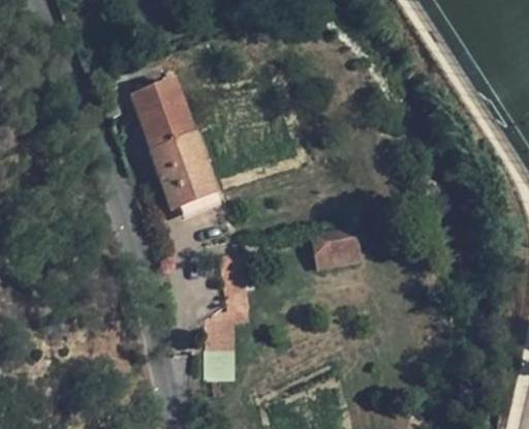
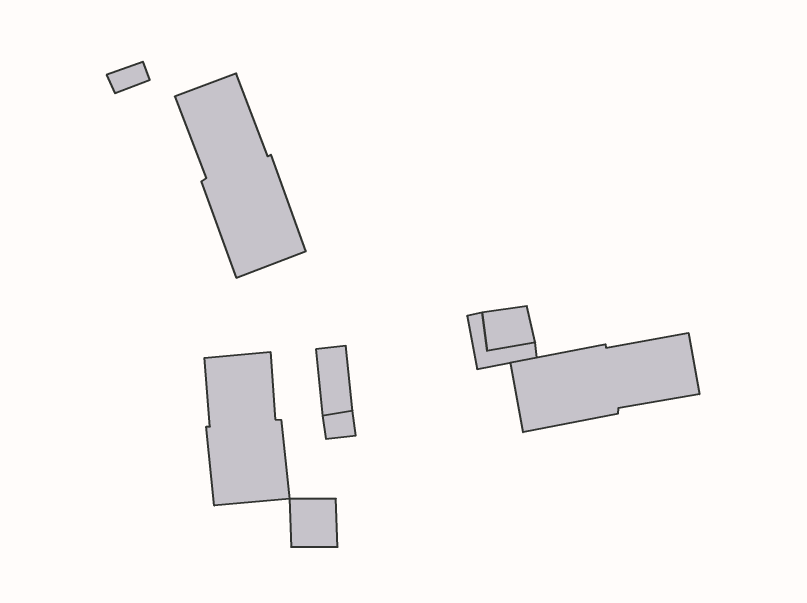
building: none -> [511,333,699,432]
building: none -> [204,352,289,506]

